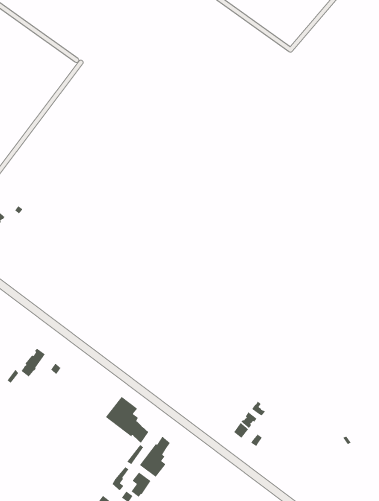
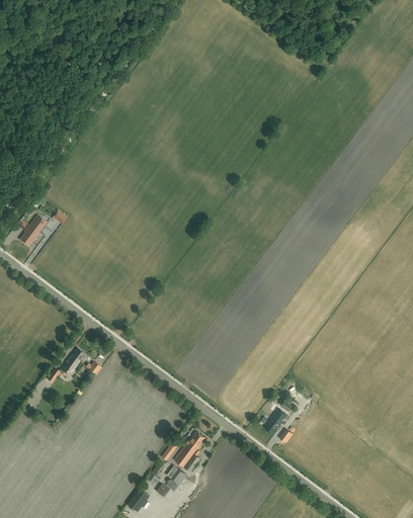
building: [105,396,149,444] -> none

